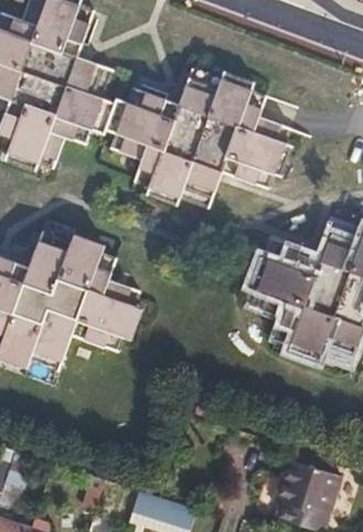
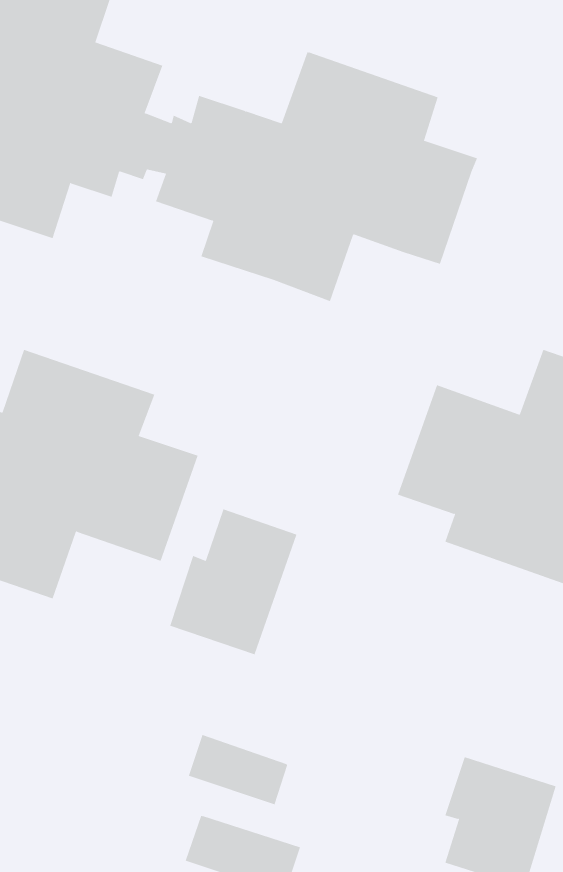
building: none -> [170,509,297,655]
building: none -> [188,734,288,805]

